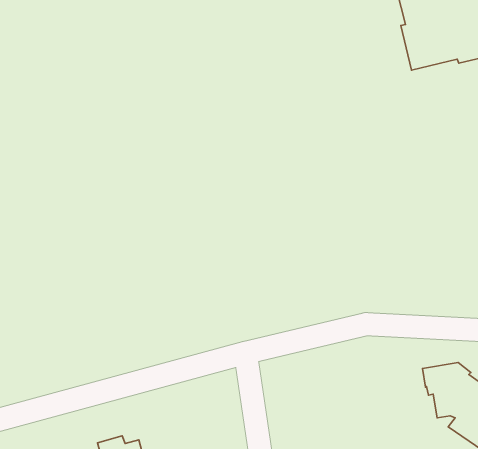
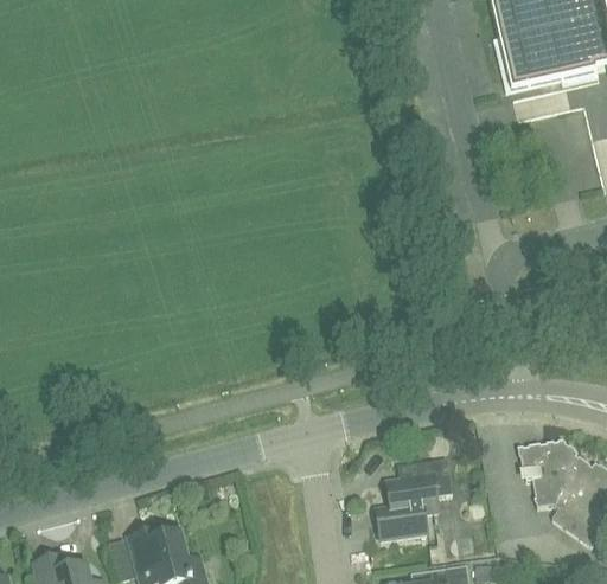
building: none -> [376,458,453,539]

